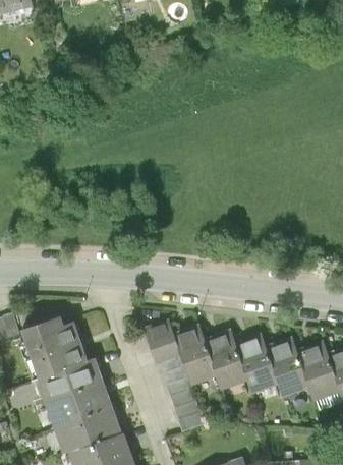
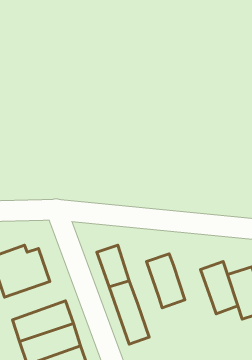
building: [173,326,216,387] -> none
building: [233,332,279,396] -> none
building: [36,357,107,405] -> none

